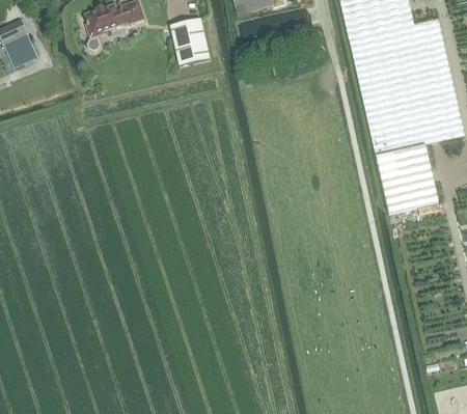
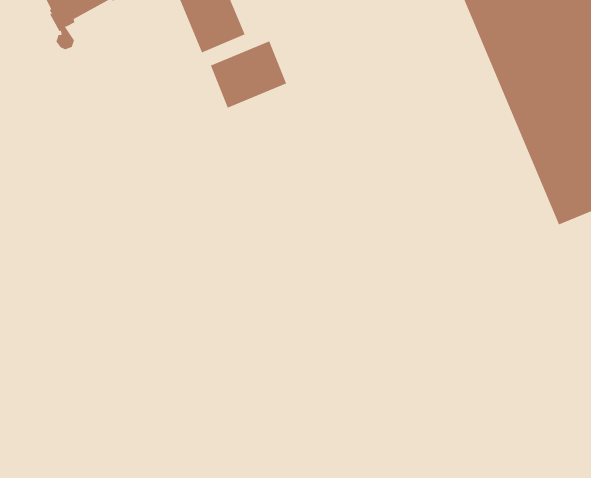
building: none -> [210,41,287,108]

